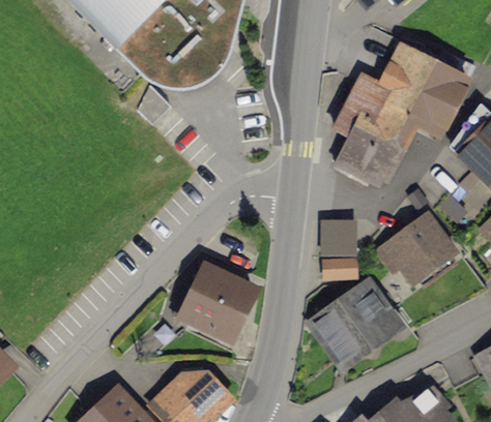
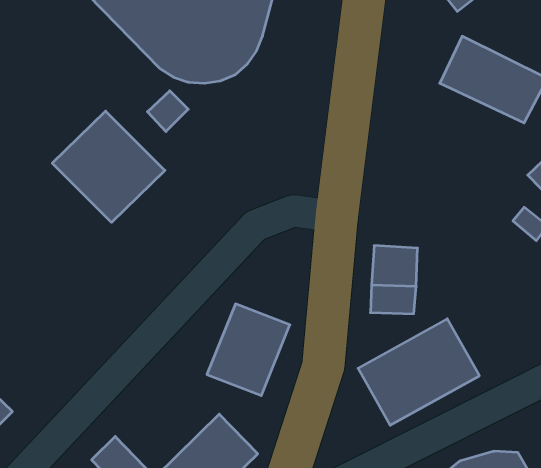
building: [334,74,449,189] -> none
building: none -> [52,111,165,222]
building: [376,207,456,282] -> none

